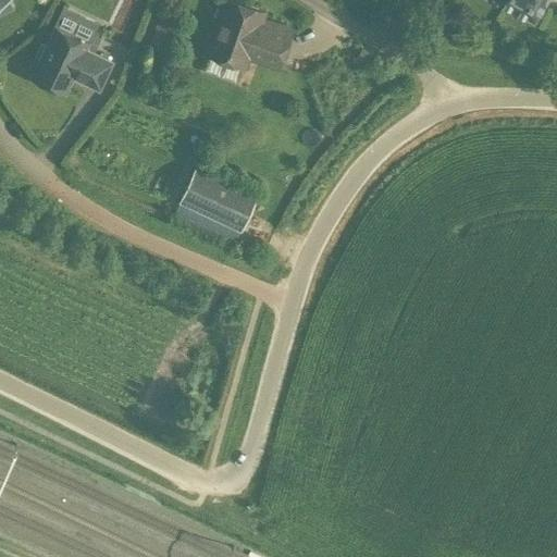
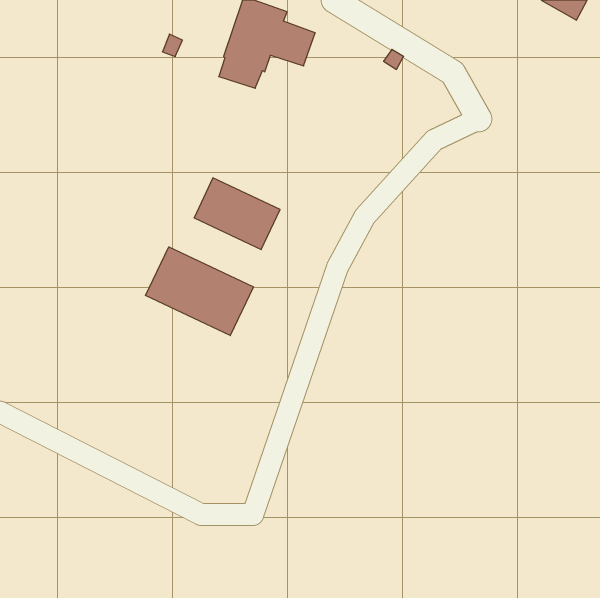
building: [33,10,112,95] -> none
building: none -> [146,247,253,336]

